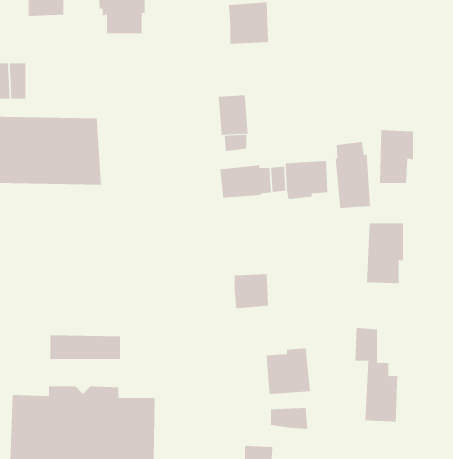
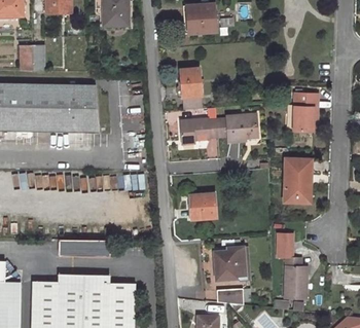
building: [335,141,371,209] -> none

